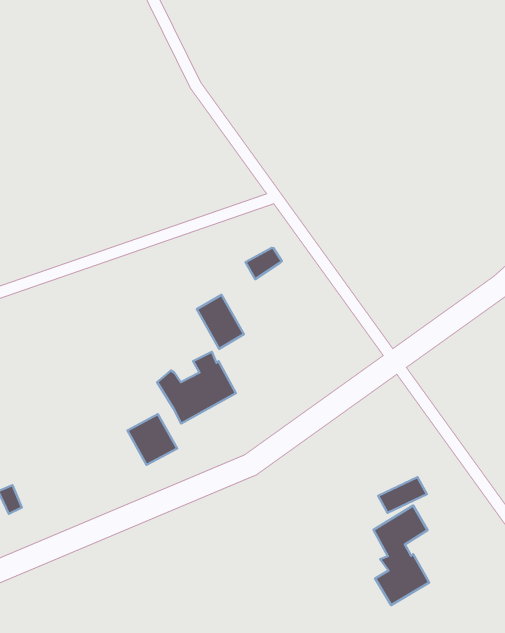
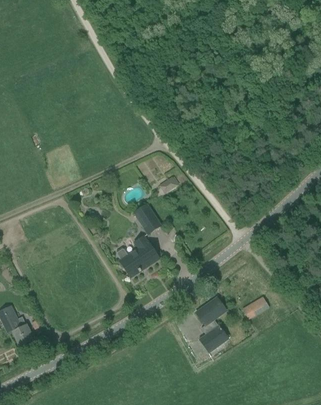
building: [127,414,177,465] -> none
building: [373,506,429,605] -> [195,297,228,353]

